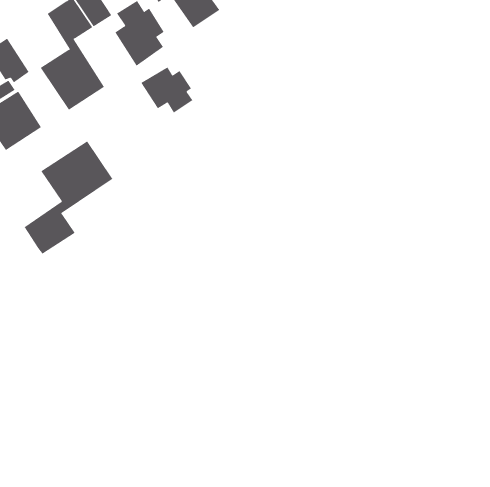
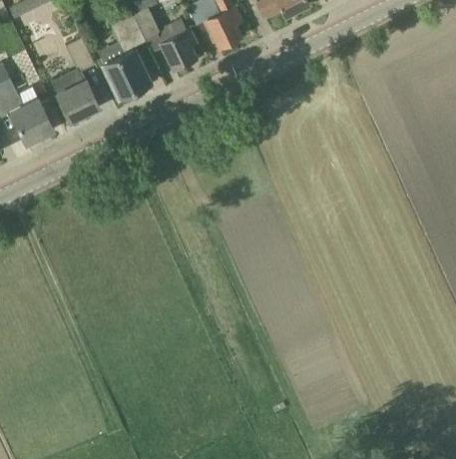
building: [141,67,193,113] -> none
building: [24,141,113,255] -> none

